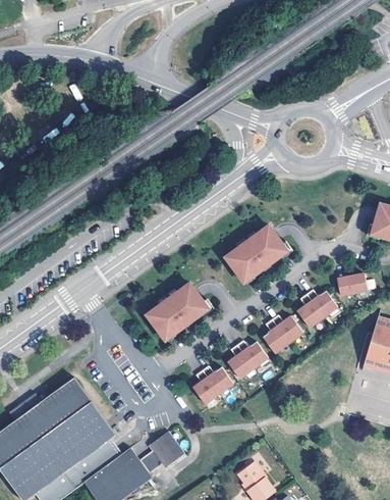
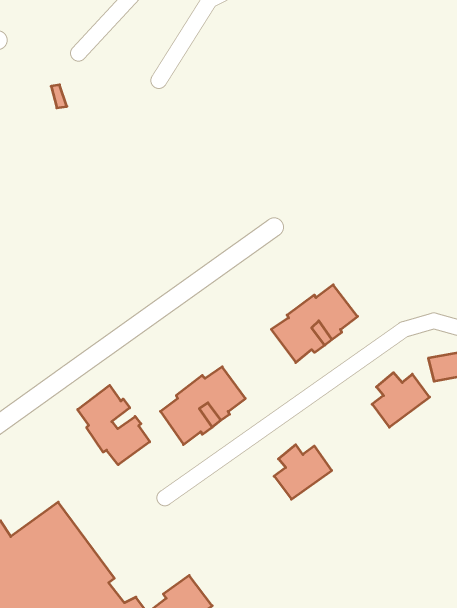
building: none -> [78,385,150,465]
building: [262,314,302,353] -> none
building: [192,365,232,404] -> none

